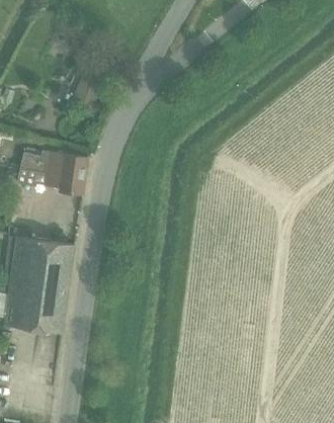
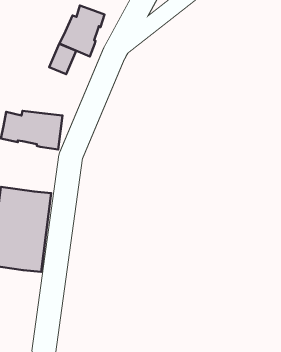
building: none -> [60,5,104,56]

